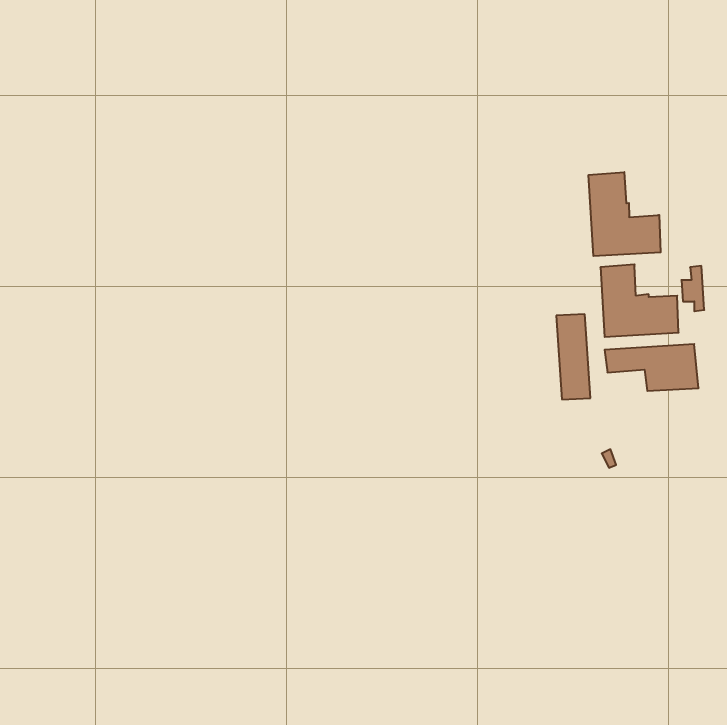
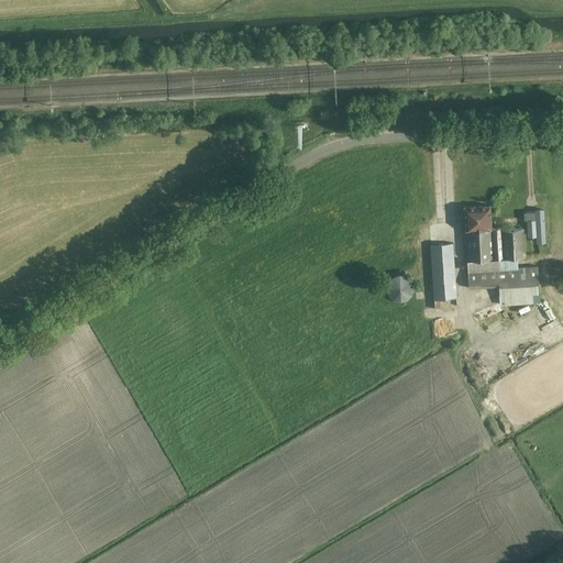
building: [589,172,661,256] -> none
building: none -> [387,275,412,300]

